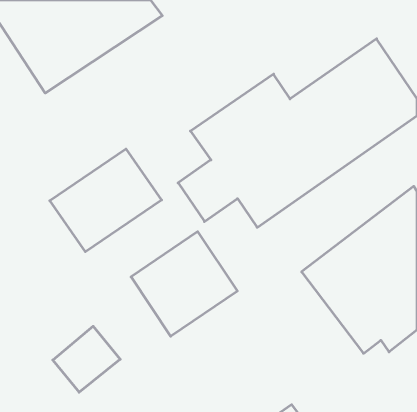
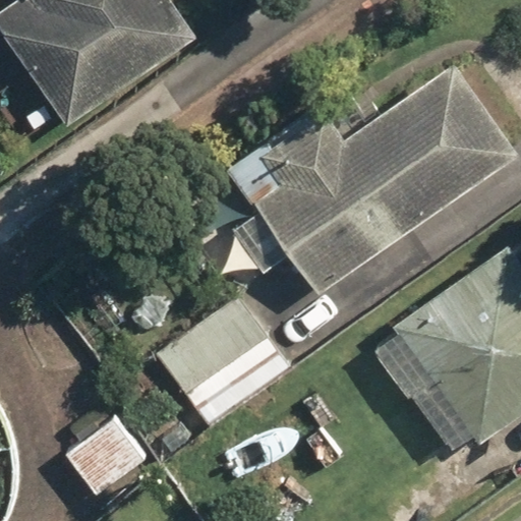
building: [50,149,162,252] -> none

